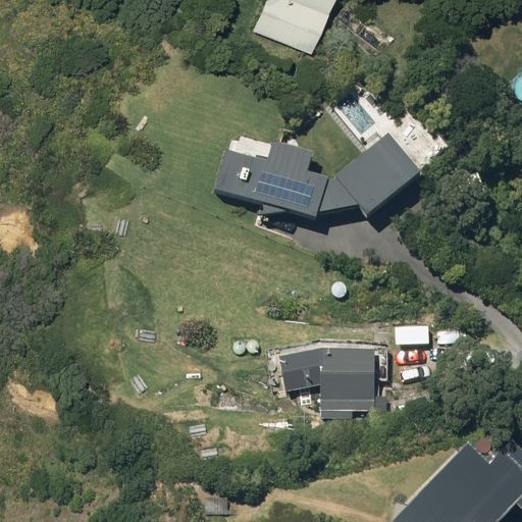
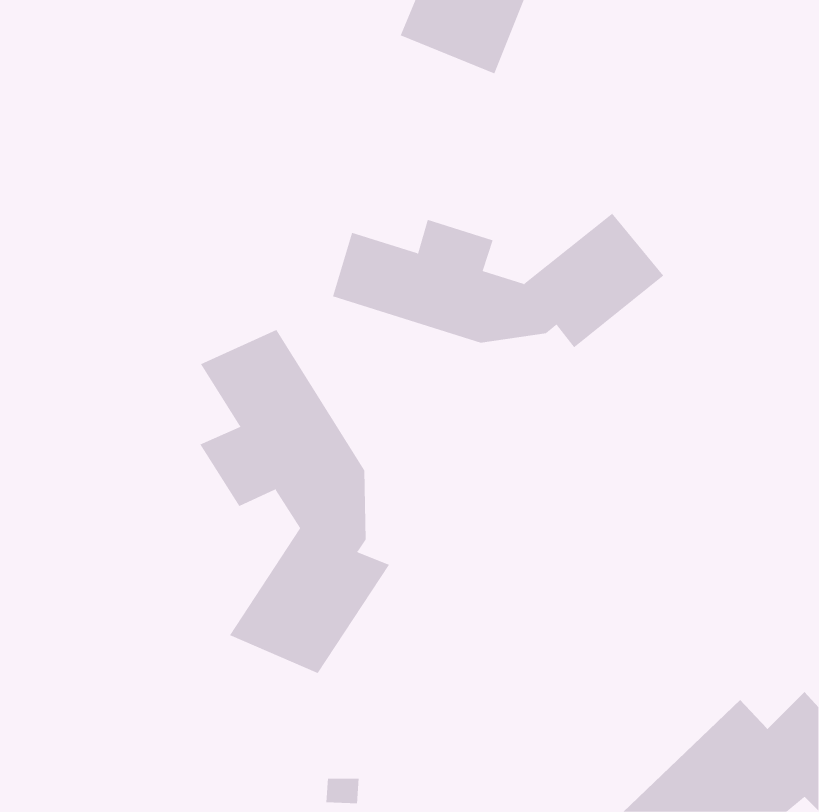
building: none -> [200,329,390,674]
building: [285,346,387,414] -> none

